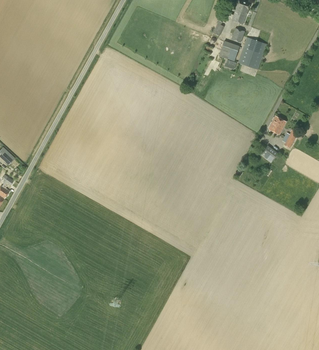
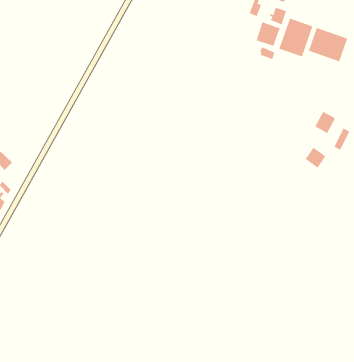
building: none -> [308,27,348,62]

